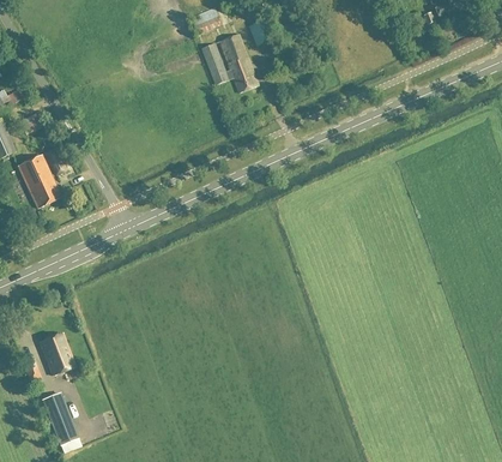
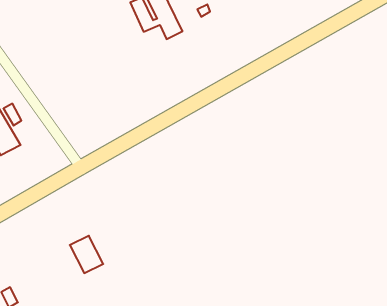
building: [40,331,75,373] -> [70,236,103,273]

